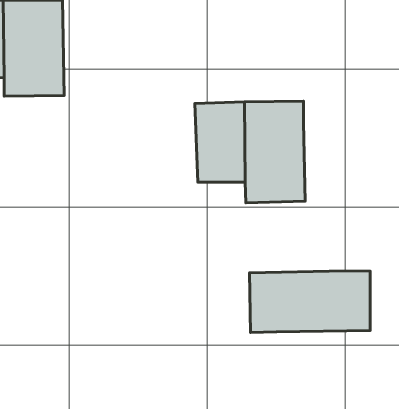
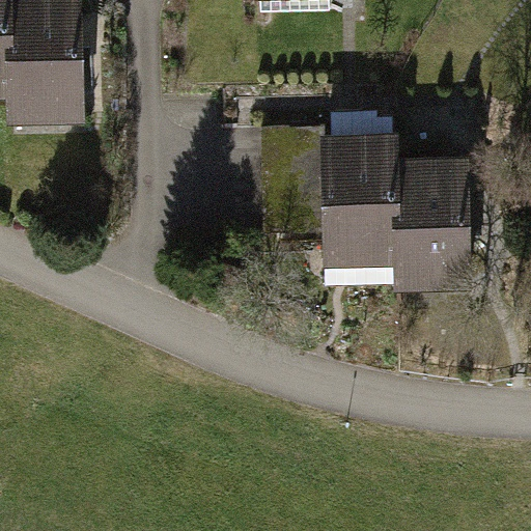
building: none -> [393,159,476,289]
building: [250,271,370,332] -> none

